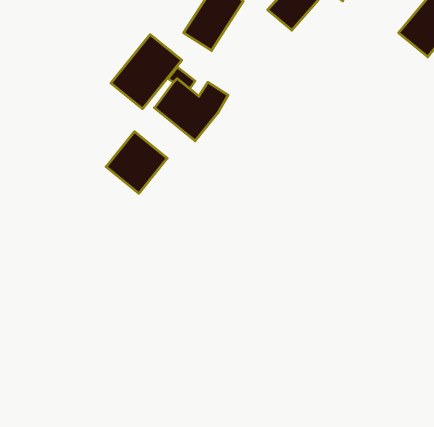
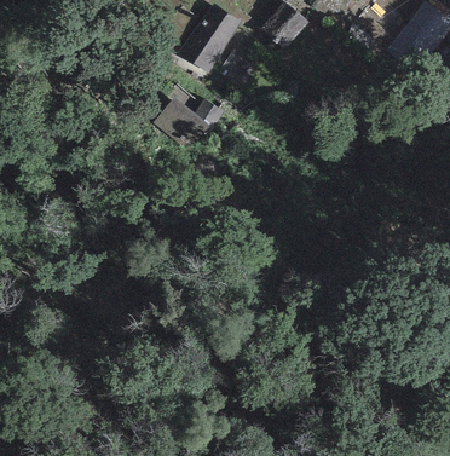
building: [111,35,182,109] -> none
building: [106,132,167,193] -> none

